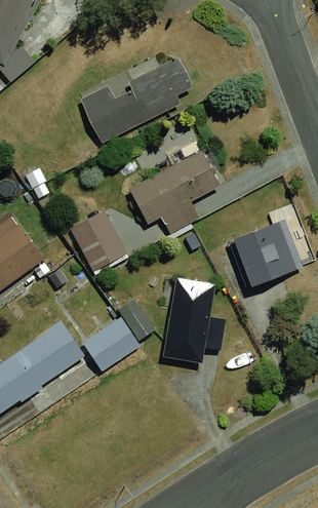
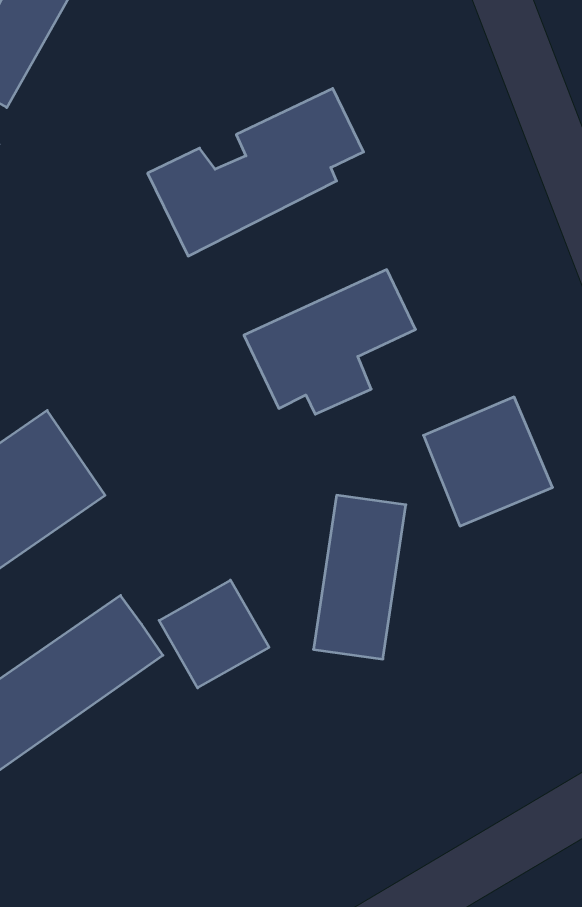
building: [65,212,126,276] -> none

